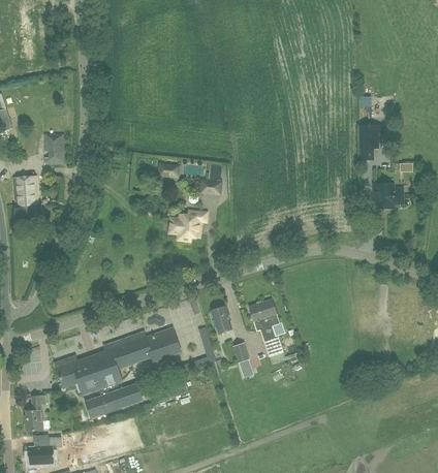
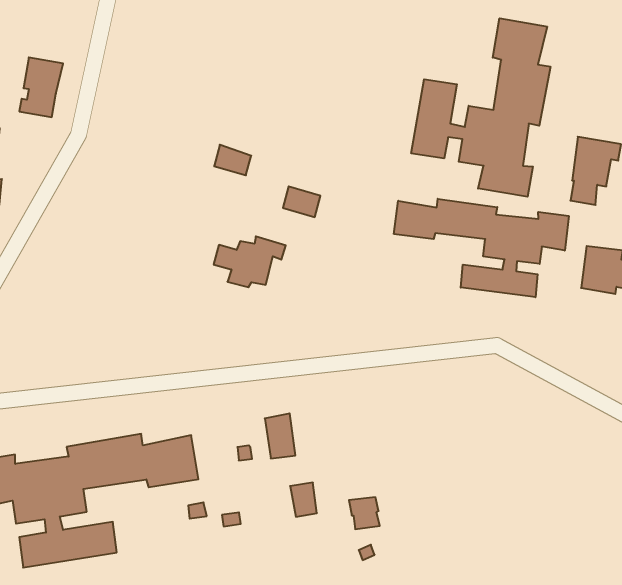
building: none -> [411,18,550,197]
building: none -> [394,199,569,297]
building: [249,299,284,341] -> none

